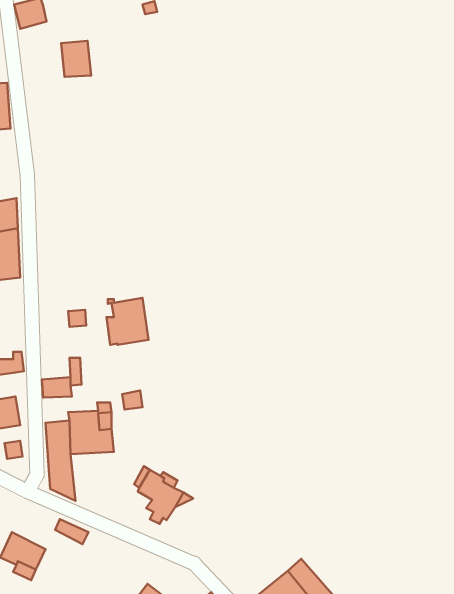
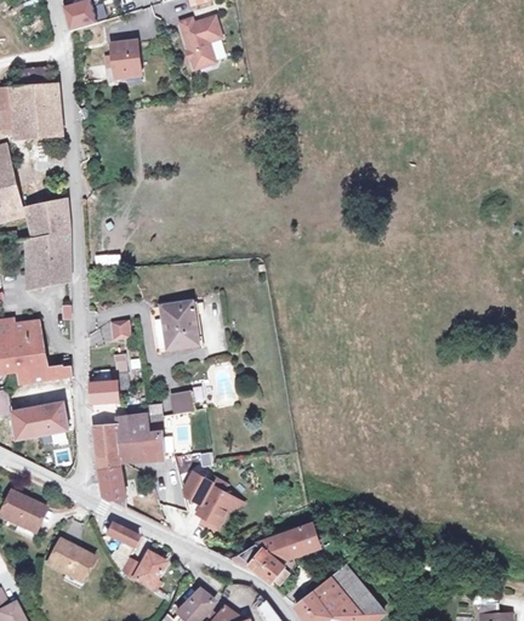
building: none -> [180,17,221,69]
building: none -> [238,522,330,583]
building: none -> [120,552,164,588]

